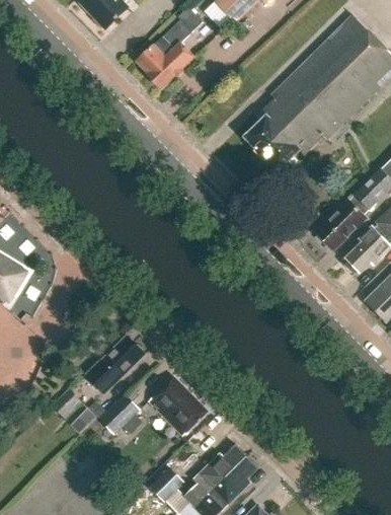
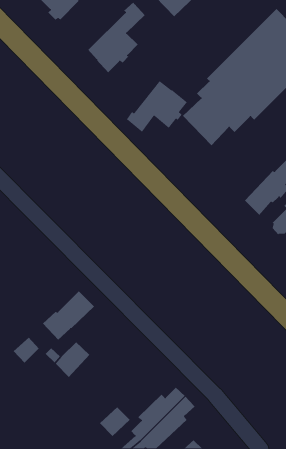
building: none -> [126,80,188,133]
building: [149,376,208,435] -> none

